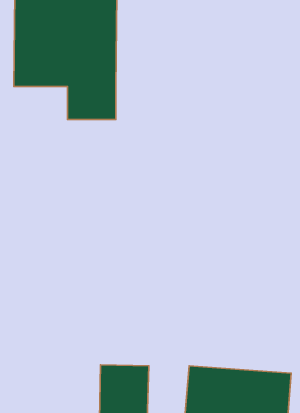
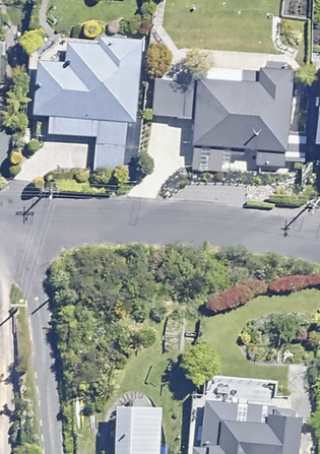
building: none -> [171,79,294,147]

